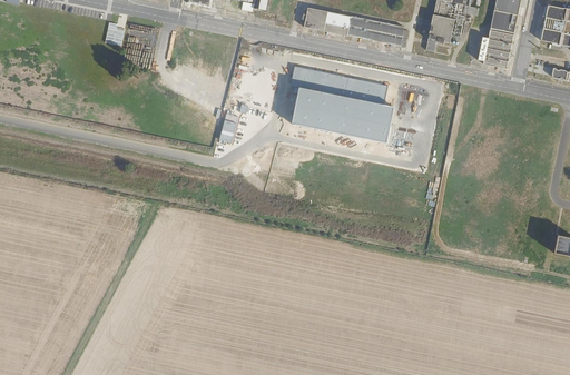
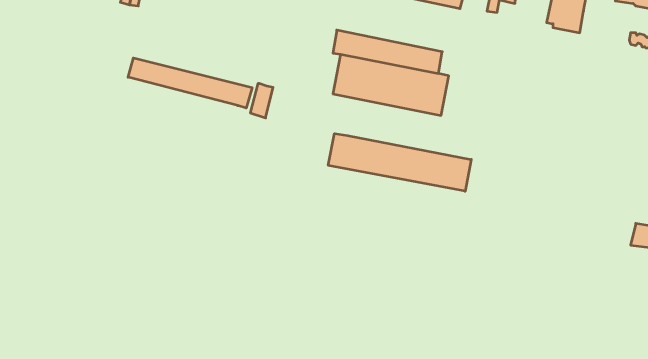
building: none -> [128,58,252,108]
building: none -> [328,134,471,191]

